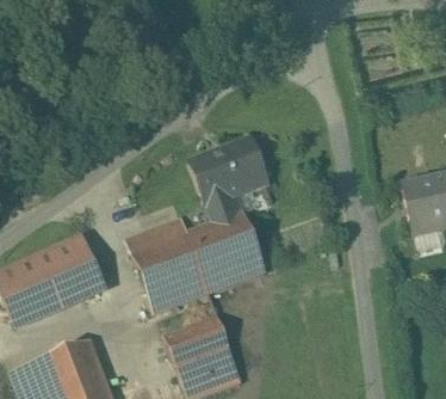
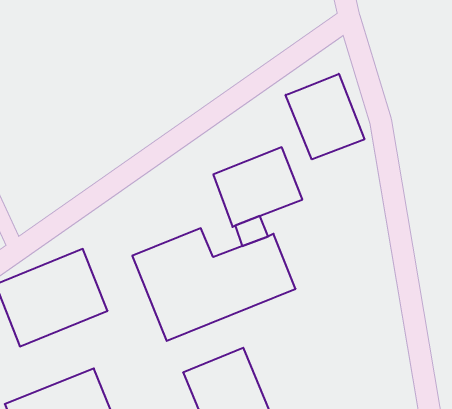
building: none -> [286,74,364,159]

